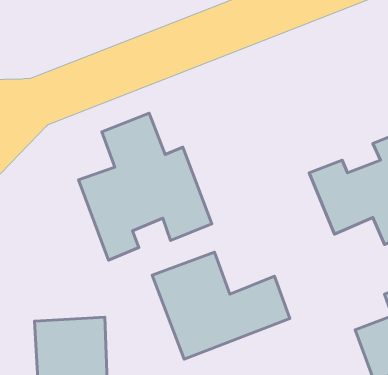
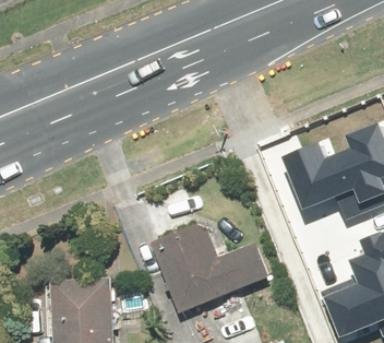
building: [78,113,212,260] -> none

